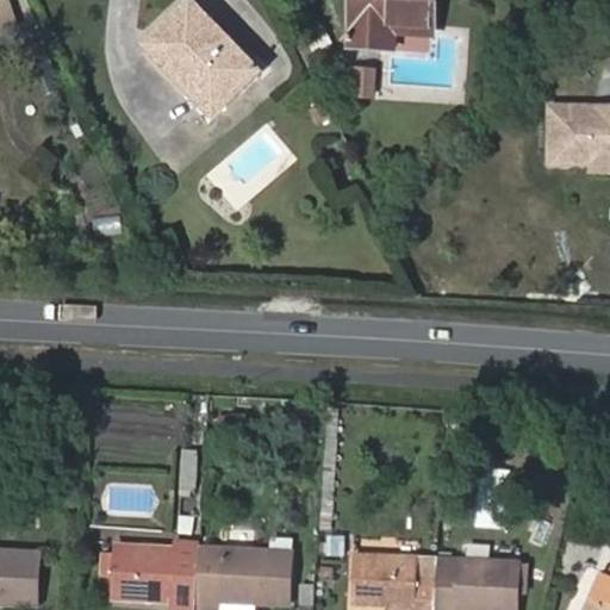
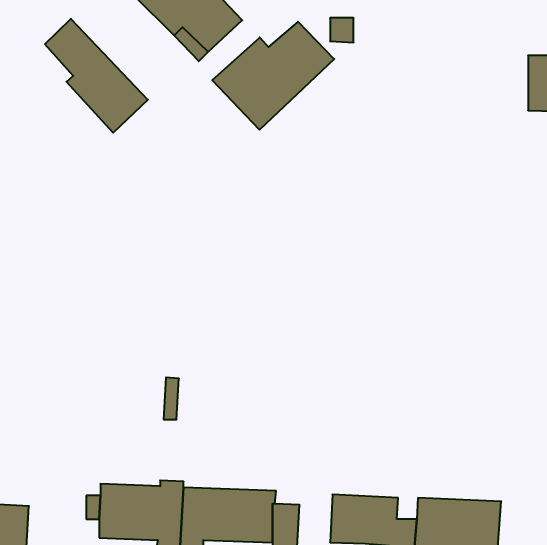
building: none -> [45,19,148,133]
building: none -> [212,22,334,130]

